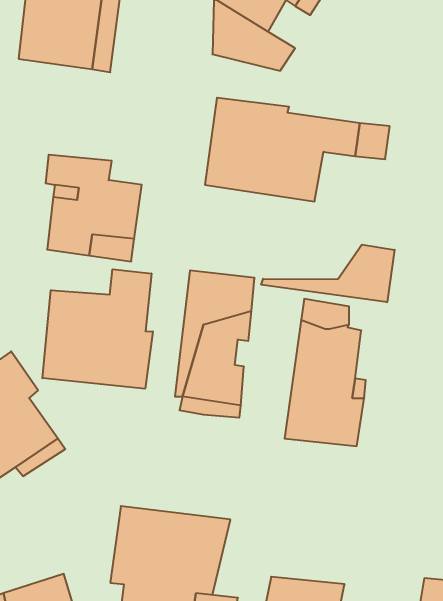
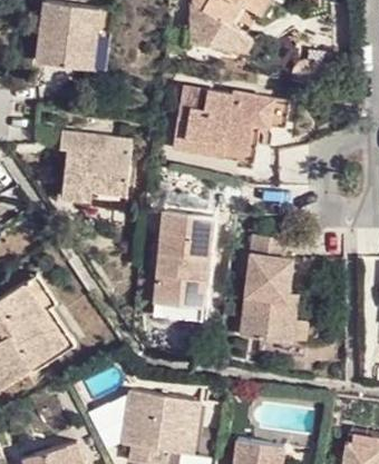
building: [261,245,395,302] -> none
building: [42,269,153,389] -> none

